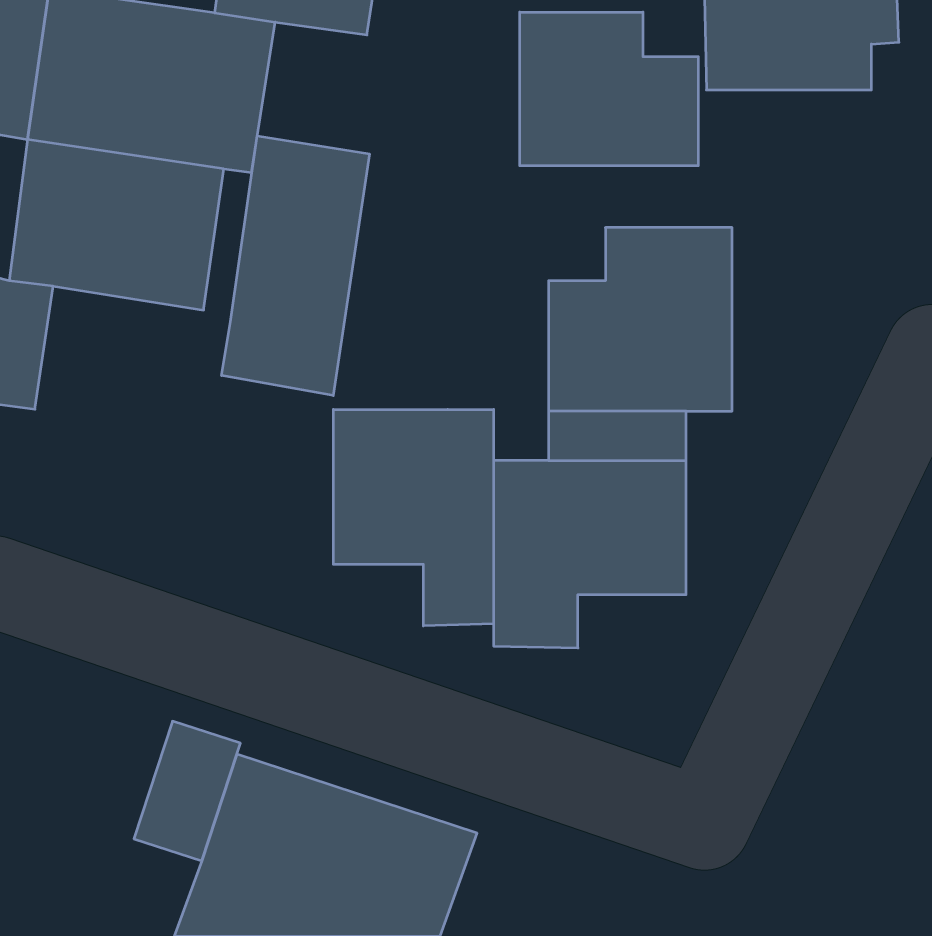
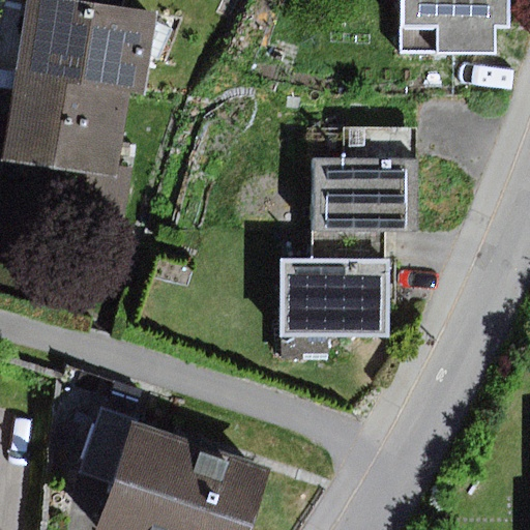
building: [520,12,698,166] -> none
building: [222,136,369,396] -> none
building: [333,409,494,626] -> none

